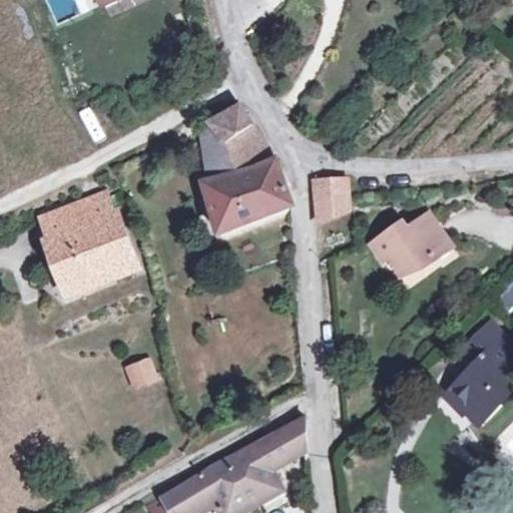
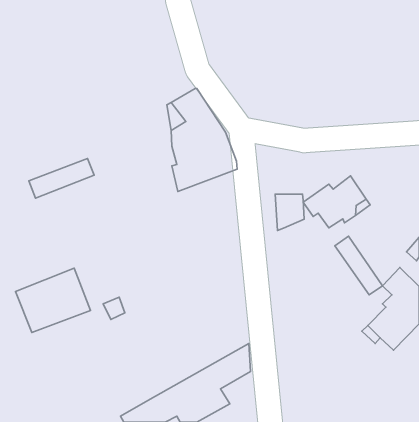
building: [312,178,347,222] -> [275,194,304,231]
building: [43,212,134,291] -> [15,268,91,333]
building: none -> [335,236,383,295]

